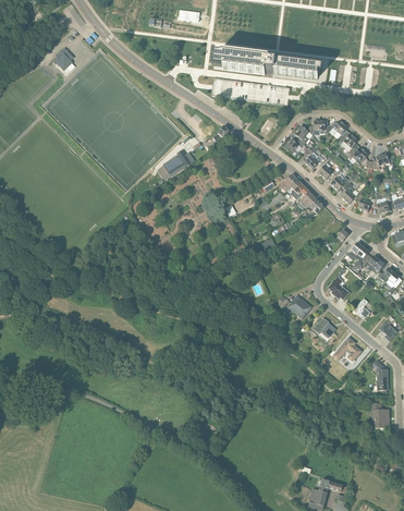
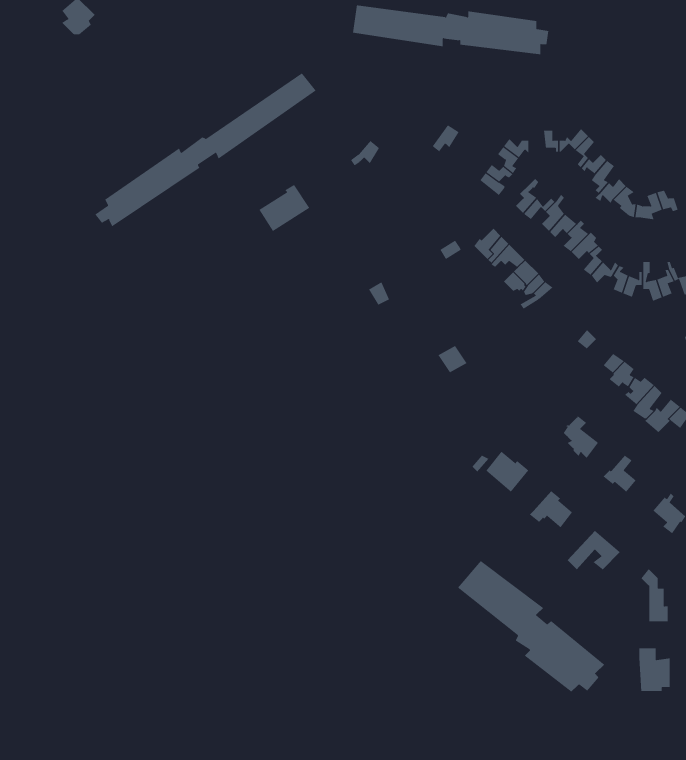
building: none -> [95,72,316,227]
building: none -> [457,560,605,692]

